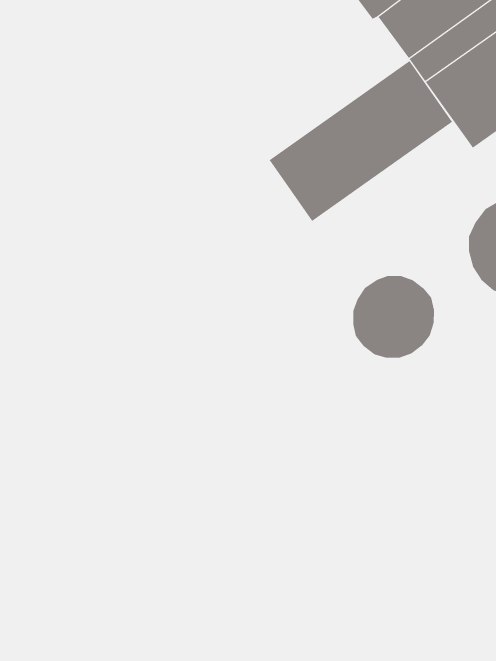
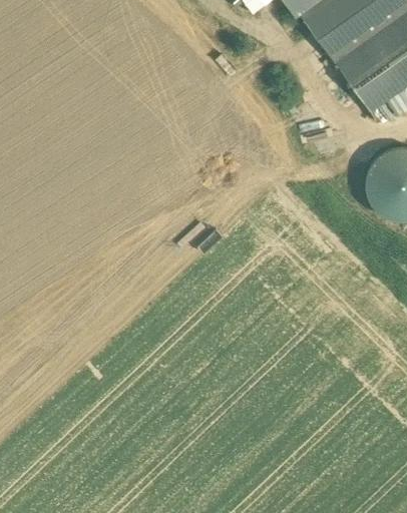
building: [269,60,453,222] -> none
building: [353,275,435,358] -> none

